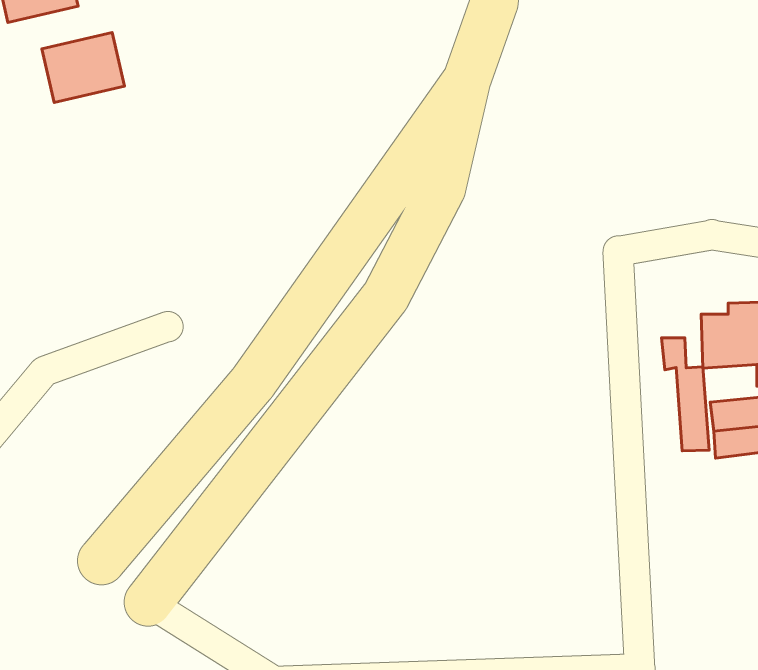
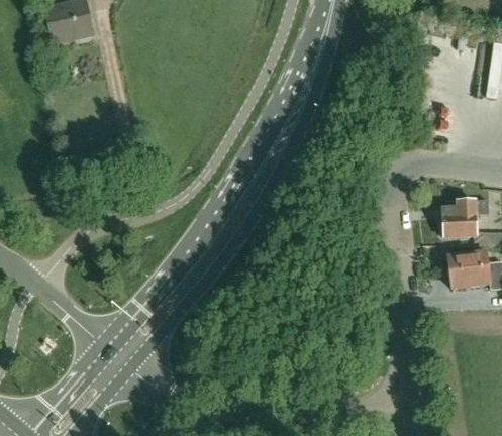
building: [42,32,124,102] -> none
building: [661,338,709,451] -> none

